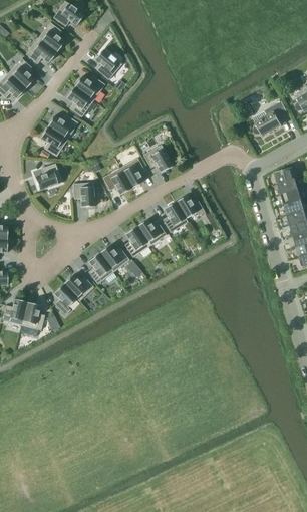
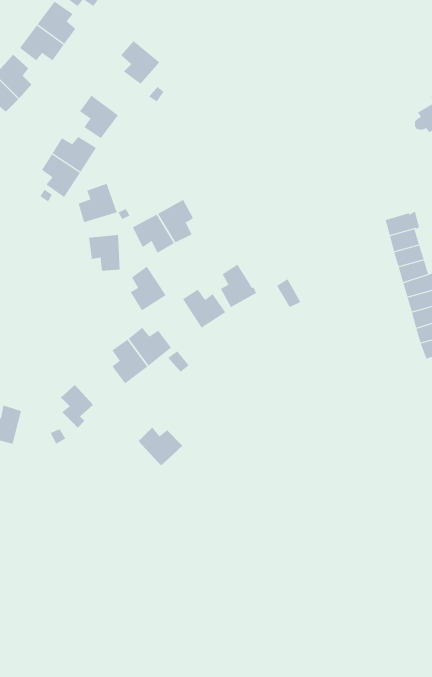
building: [73,75,103,100] -> none
building: [251,101,287,136] -> none
building: [142,145,172,172] -> none
building: [34,163,61,190] -> [78,183,117,223]
building: [174,195,204,218] -> none
building: [123,226,148,257] -> [130,266,166,311]
building: [62,274,93,301] -> [138,427,183,466]
building: [20,302,43,330] -> none

